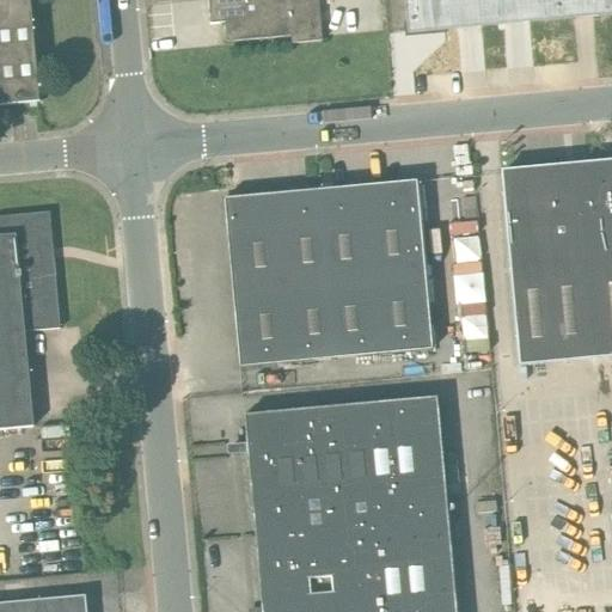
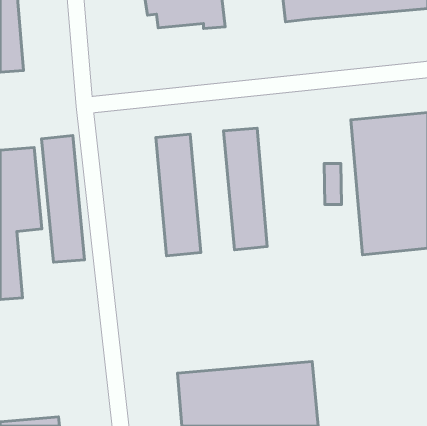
building: [368,178,432,351] -> none
building: [273,186,336,360] -> none
building: none -> [42,136,84,262]
building: [244,396,447,532] -> none

